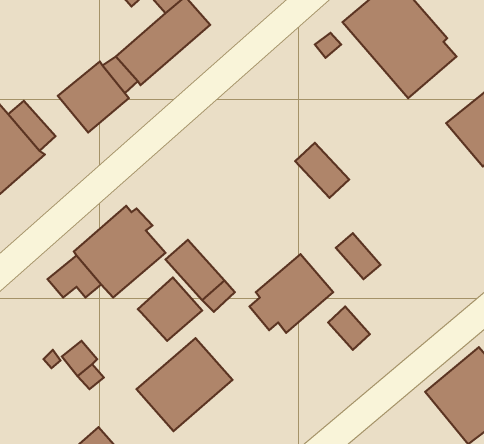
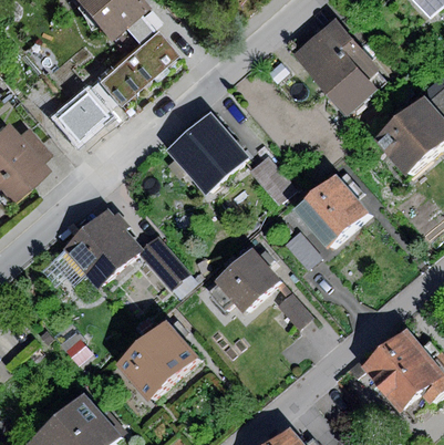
building: none -> [165,111,247,194]
building: none -> [300,179,372,250]
building: [138,278,202,341] -> none

